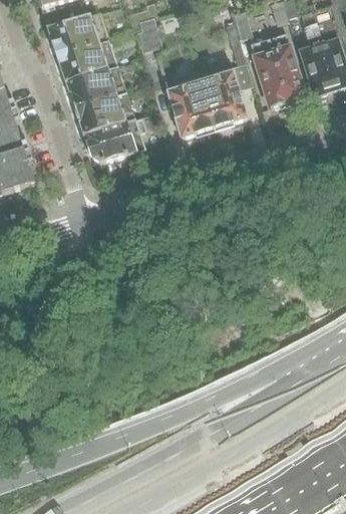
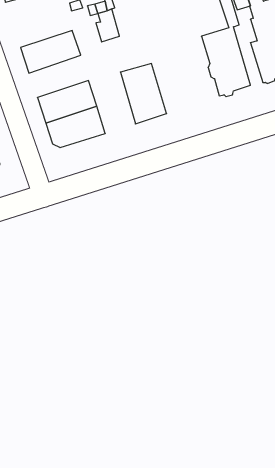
building: [46,8,110,54] -> none
building: [195,8,251,124] -> none
building: [64,62,127,107] -> none

